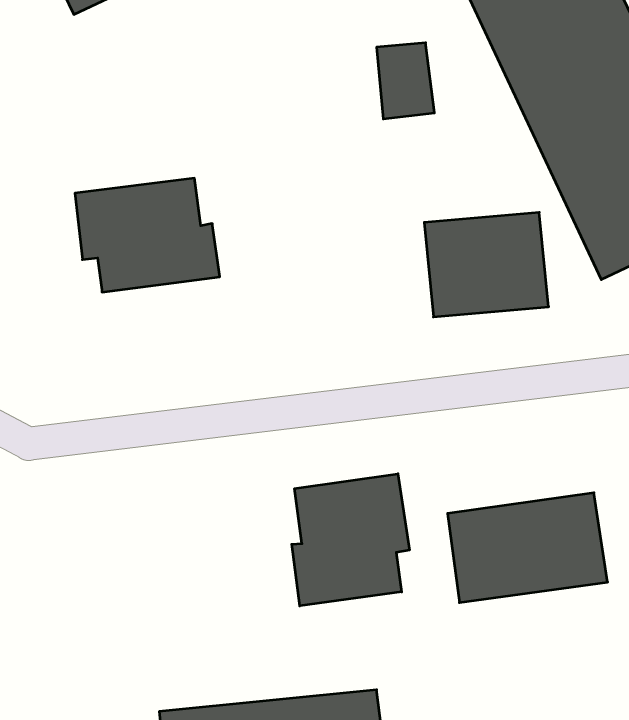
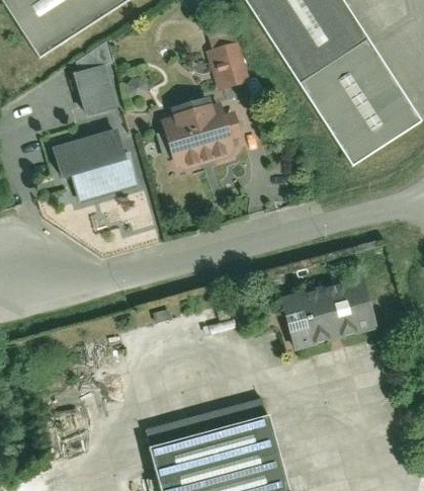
building: none -> [73,48,123,119]
building: [424,212,549,317] -> [158,103,232,168]
building: [292,474,409,606] -> none

